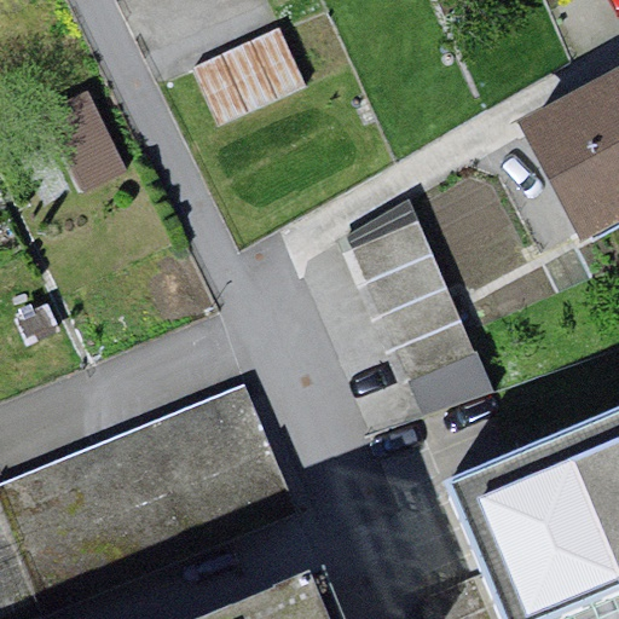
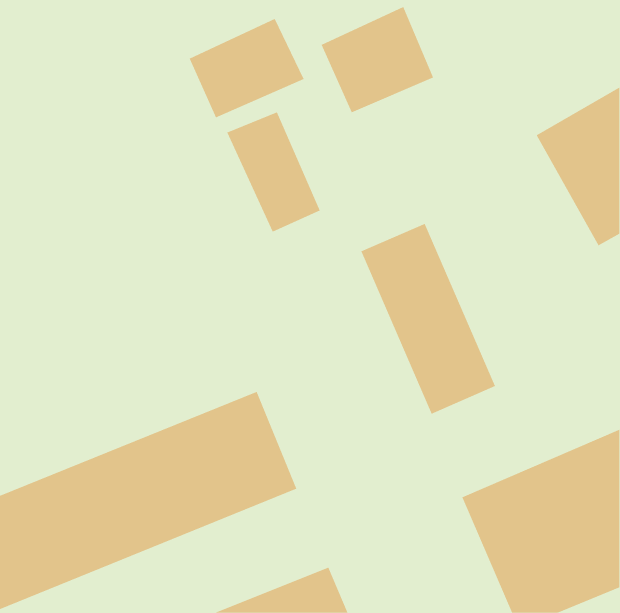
building: none -> [321,6,434,113]
building: [35,80,122,185] -> none
building: none -> [227,112,321,233]

